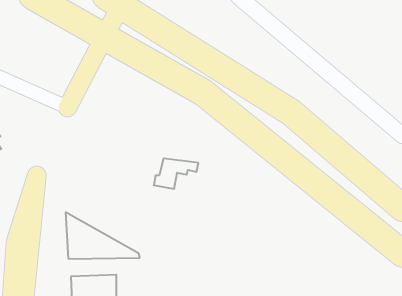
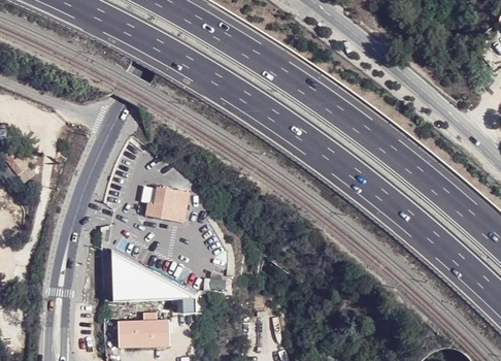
building: [154,158,198,189] -> [145,187,197,222]

